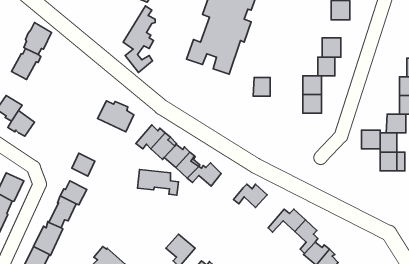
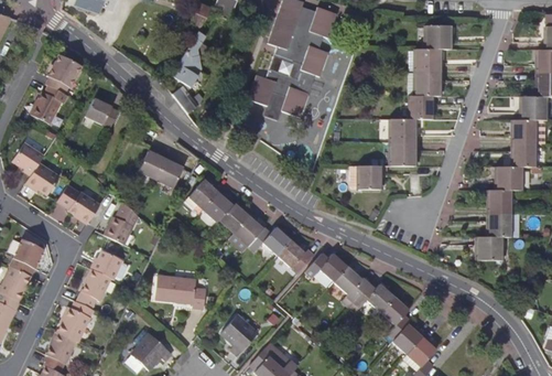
building: none -> [410,49,440,71]
building: none -> [85,97,119,127]
building: [253,78,270,96] -> [359,164,380,187]
building: none -> [57,182,100,223]
building: [361,130,380,149] -> [477,236,500,259]
building: [138,169,179,195] -> [155,273,206,305]
building: none -> [279,239,315,272]
building: none -> [334,266,369,307]

